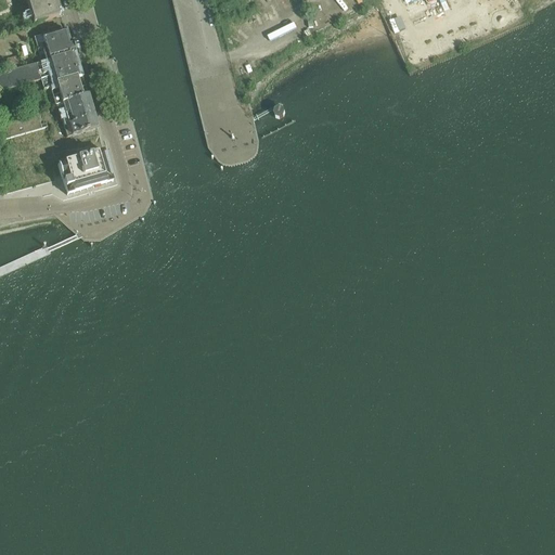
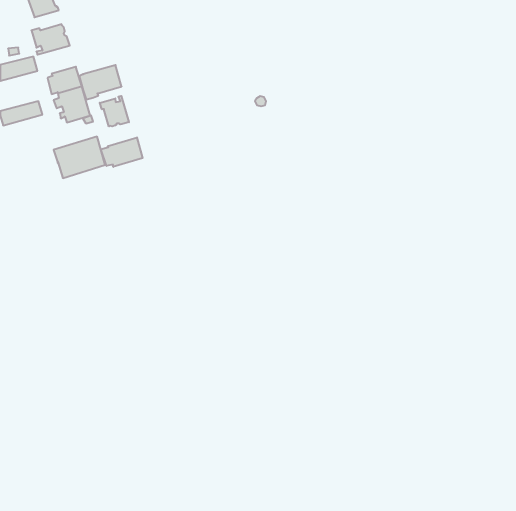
building: [37,49,82,86] -> [79,65,122,100]
building: none -> [100,96,129,126]
building: none -> [101,137,143,167]

